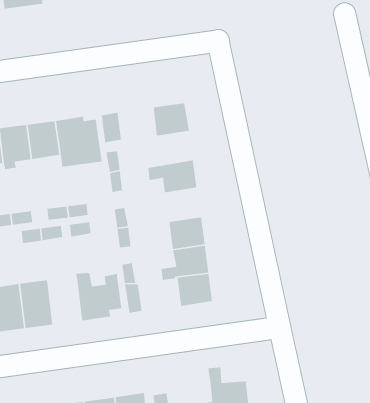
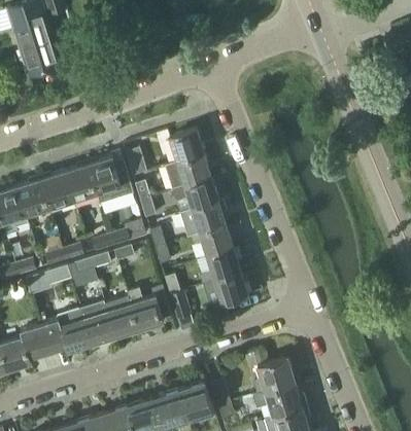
building: none -> [165,154,211,191]
building: none -> [180,202,227,238]
building: none -> [105,297,139,339]

